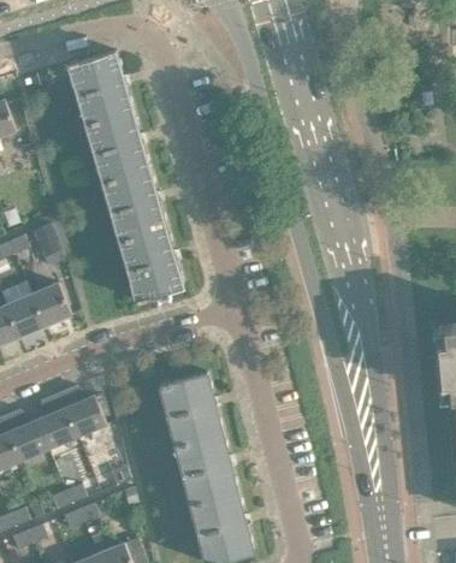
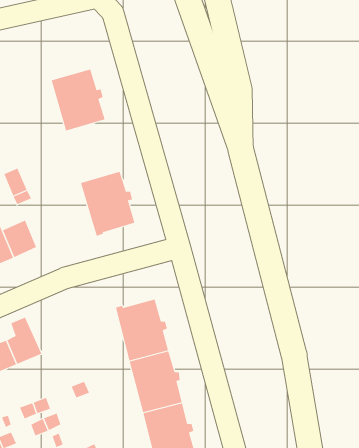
building: [67,53,131,126] -> none
building: [102,171,165,243] -> none
building: [57,389,105,438] -> none

